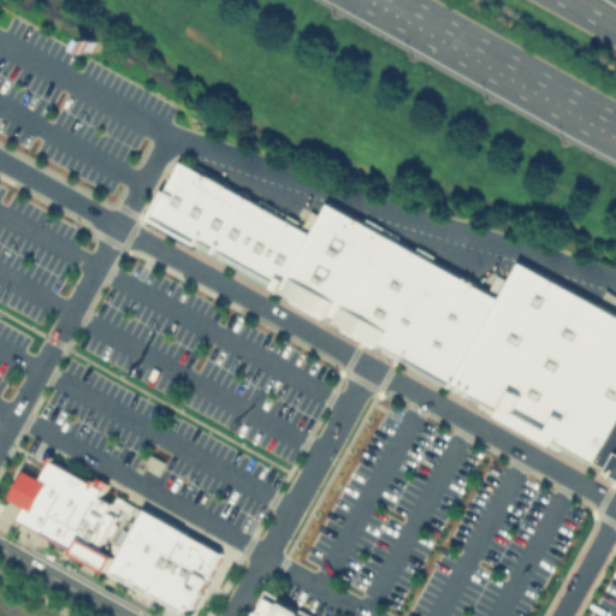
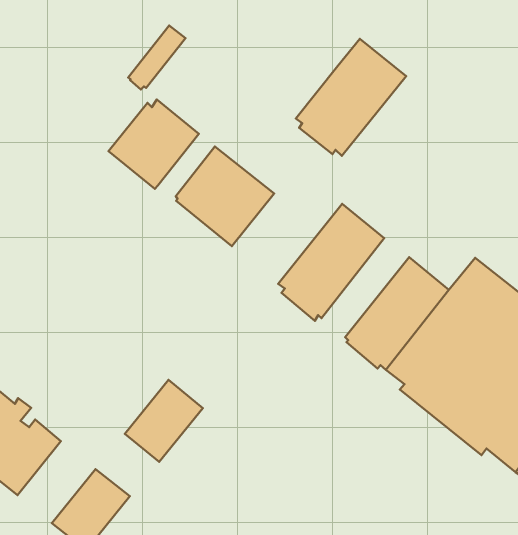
building: [196,188,245,255] -> [128,26,185,89]
building: [279,203,380,321] -> [296,39,406,156]
building: [379,259,455,362] -> none
building: [111,513,183,594] -> [125,380,203,462]

